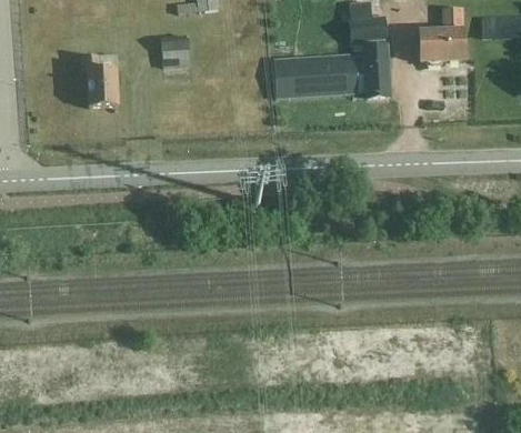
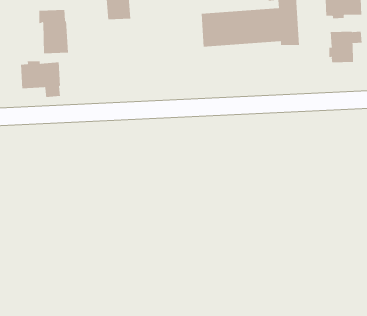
building: none -> [329,31,362,63]
building: none -> [20,60,61,98]

